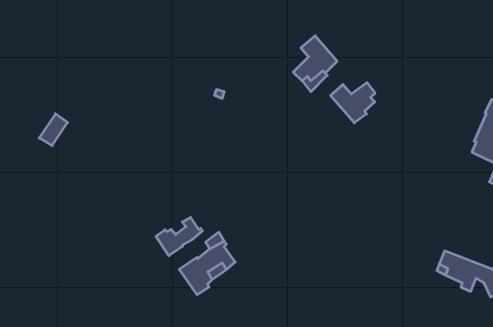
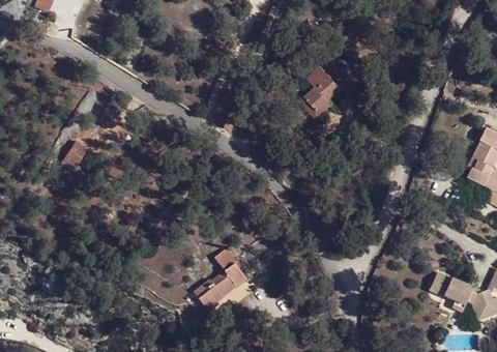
building: [331,83,375,123] -> none
building: [156,217,202,256] -> none

